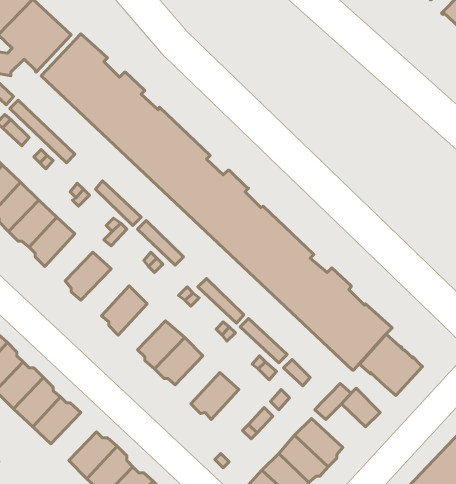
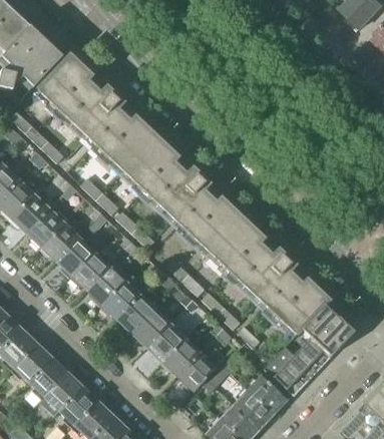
building: none -> [38,222,78,261]
building: none -> [68,251,108,290]
building: none -> [99,280,138,318]
building: none -> [146,323,183,363]
building: none -> [297,337,330,370]
building: none -> [176,351,216,390]
building: none -> [272,363,305,396]
building: none -> [43,370,81,410]

